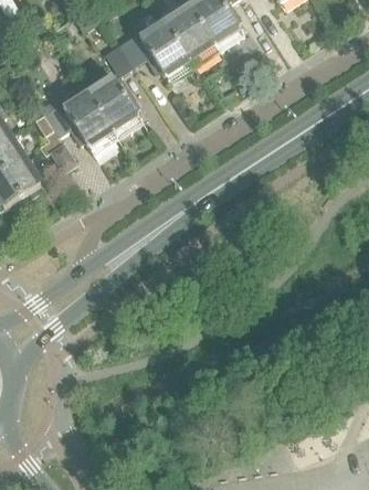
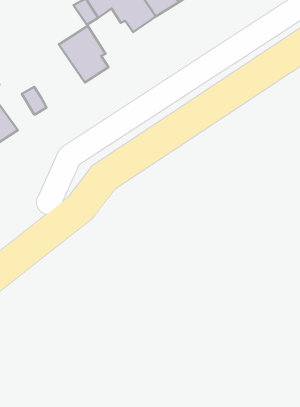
building: [35,92,114,148] -> none

